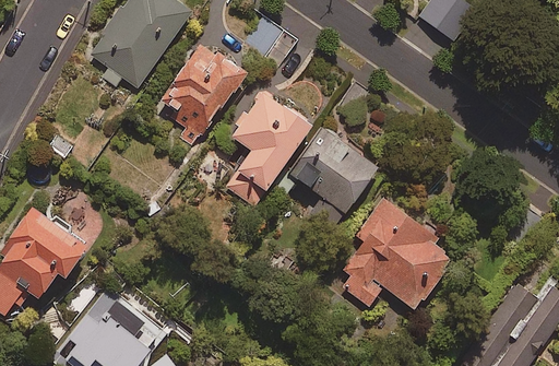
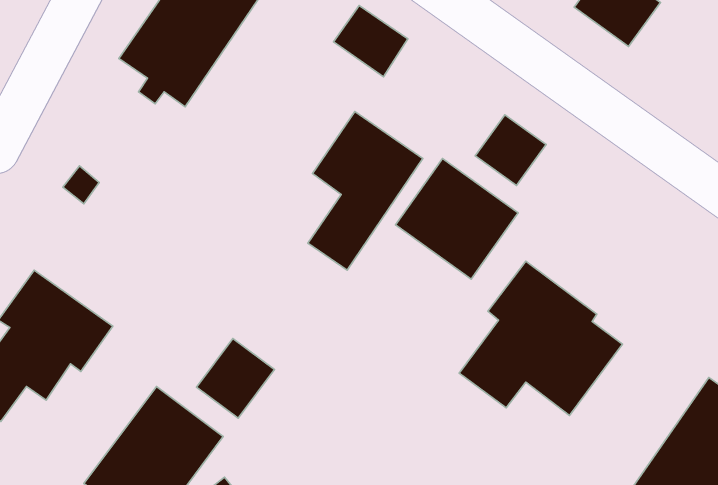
building: [155,43,245,139] -> none
building: none -> [475,115,546,186]
building: none -> [197,339,274,418]

